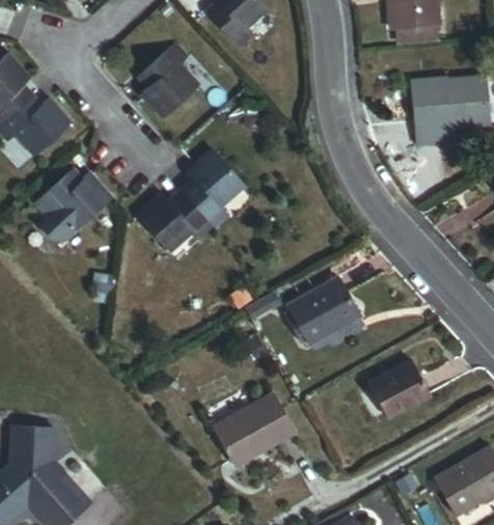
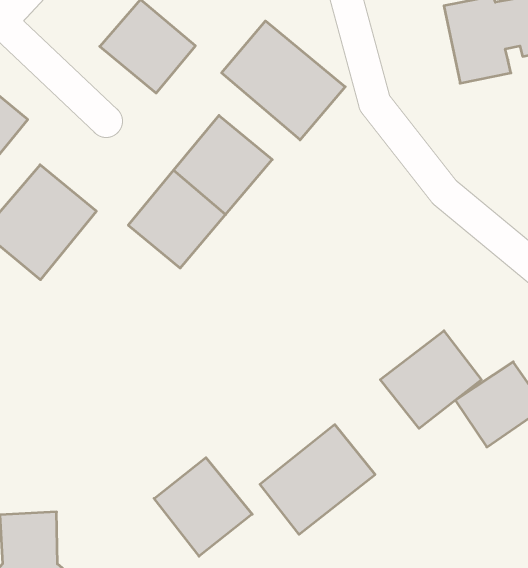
building: none -> [222,21,345,140]
building: [290,273,366,344] -> [380,331,481,428]
building: none -> [154,458,252,556]

